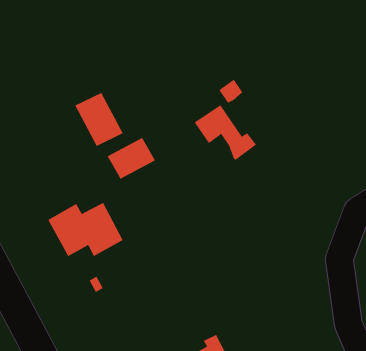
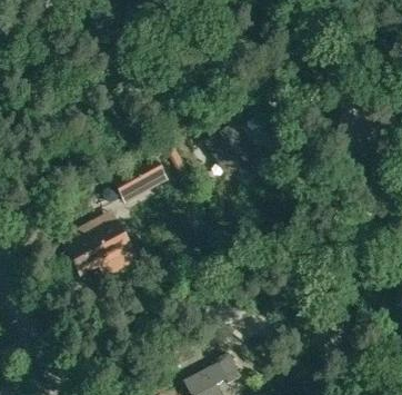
building: [74,92,124,147] -> none

